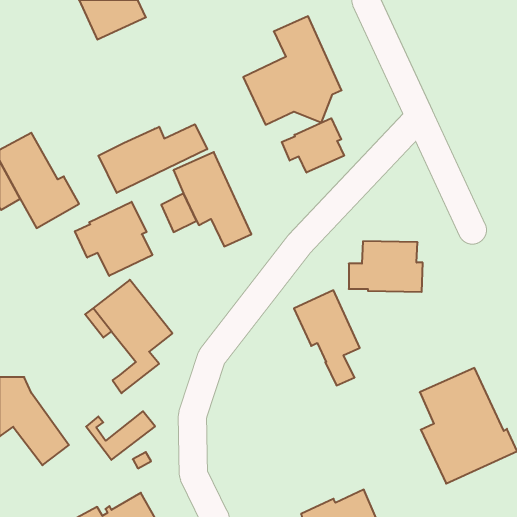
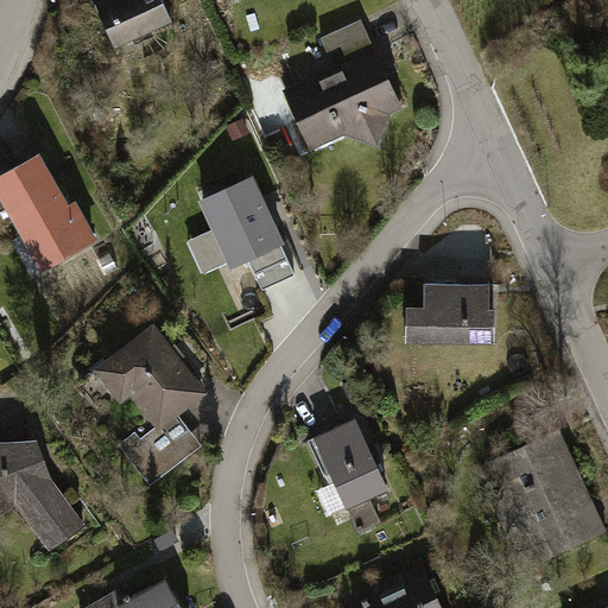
building: [282,118,344,173] -> none
building: [98,124,207,193] -> none
building: [75,202,152,276] -> none
building: [294,290,360,385] -> [309,420,386,532]
building: [86,411,155,460] -> [120,428,201,484]

